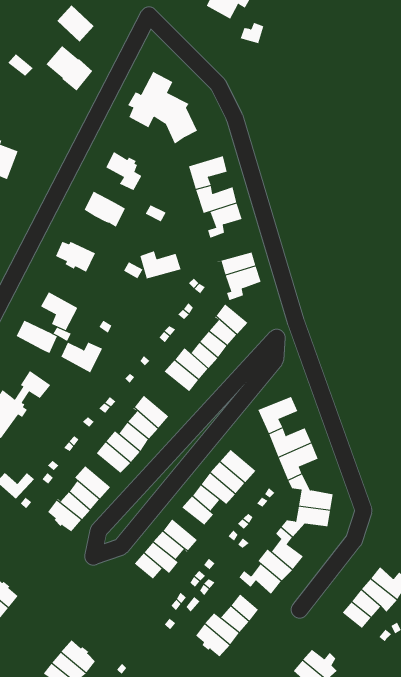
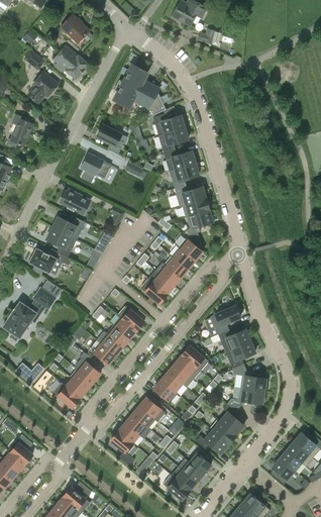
building: none -> [27,73,58,103]
building: none -> [153,114,185,135]
building: [139,251,182,279] -> [175,185,206,206]
building: [61,342,103,373] -> [55,217,86,240]
building: none -> [111,430,135,466]

